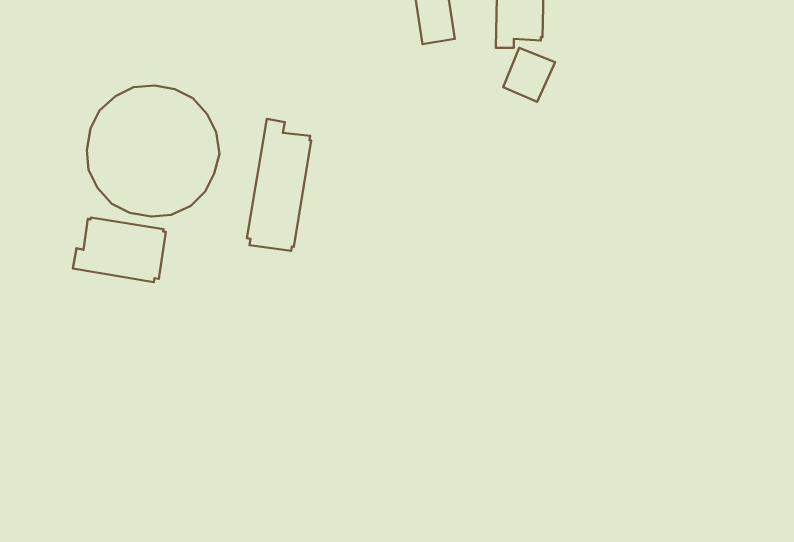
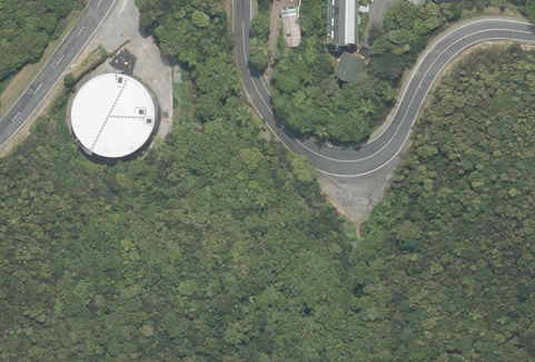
building: [247,119,311,251] -> none
building: [73,217,166,282] -> none

